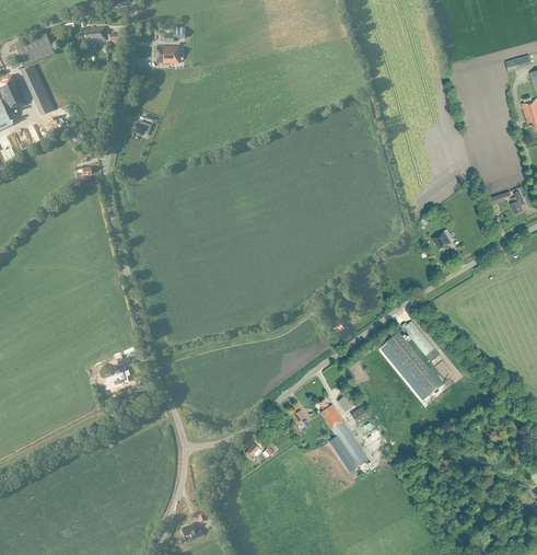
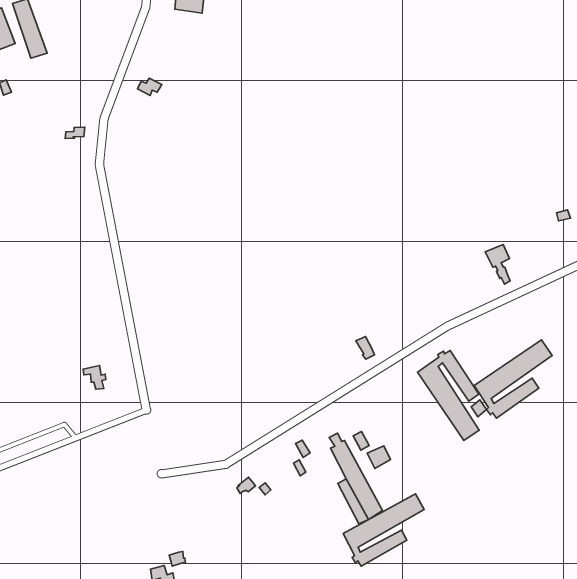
building: none -> [474,340,552,418]
building: none -> [343,494,424,566]

